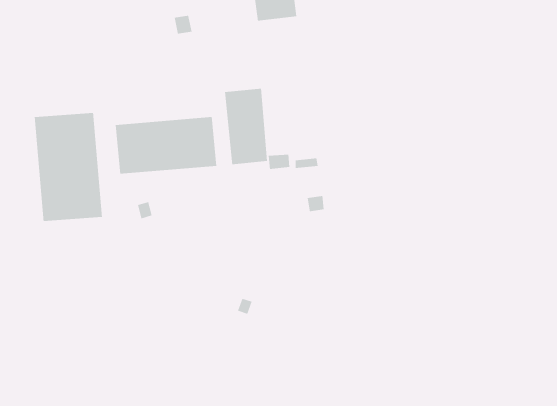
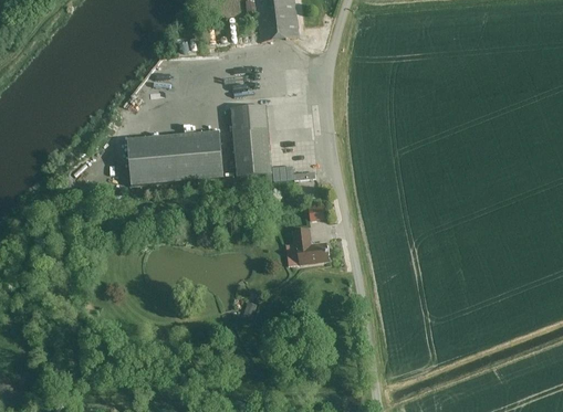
building: [34,112,103,222] -> none
building: none -> [292,228,327,263]

